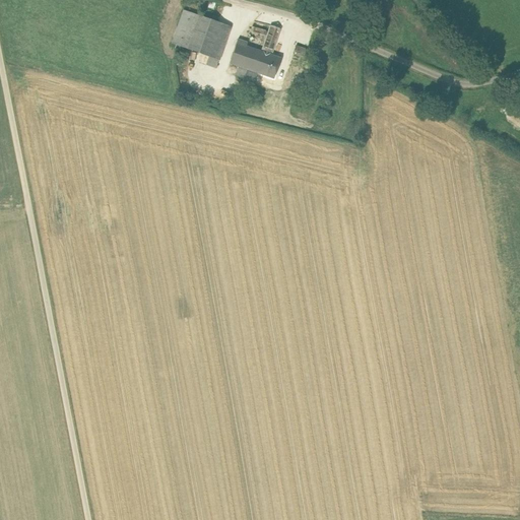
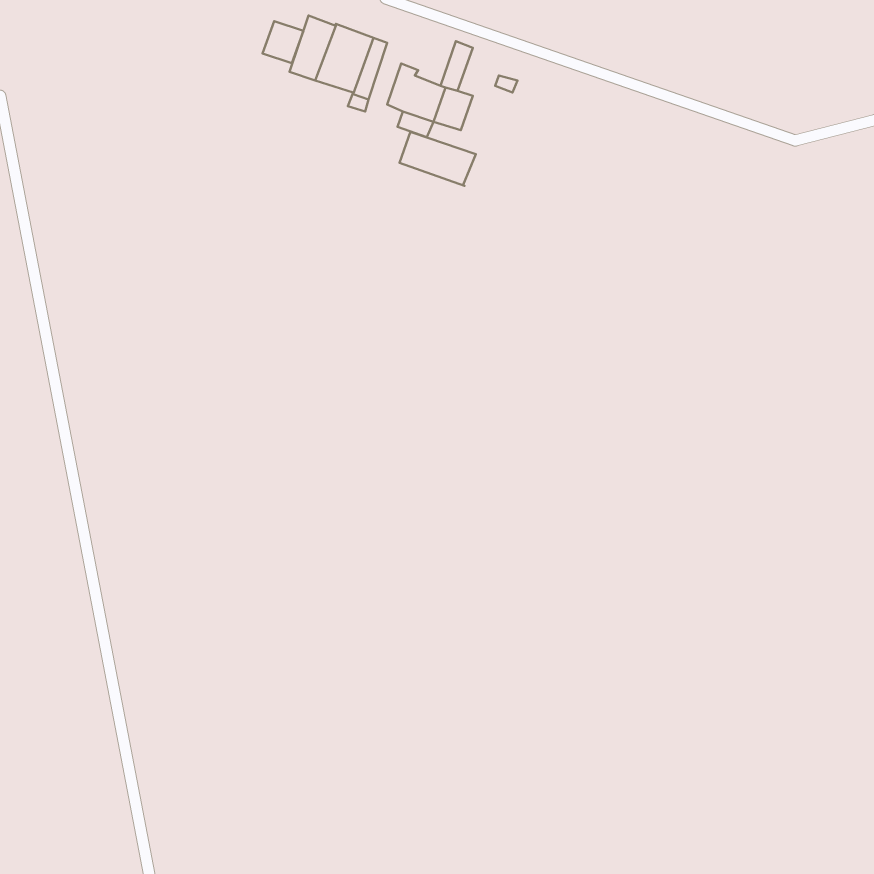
building: none -> [263,21,303,63]
building: none -> [399,131,476,186]

